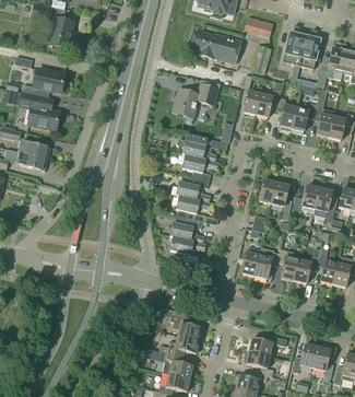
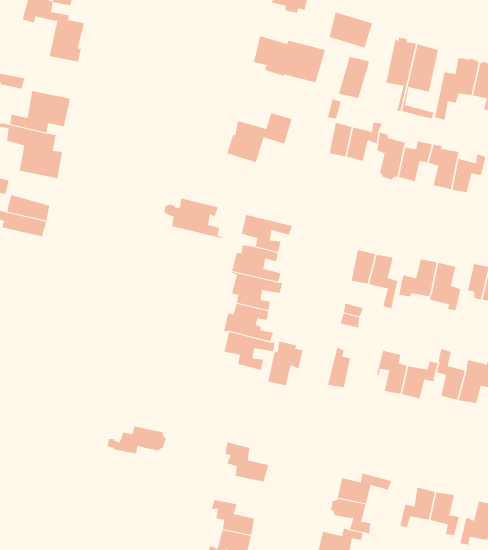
building: [176,133,217,162] -> [163,198,223,239]
building: [253,246,279,278] -> [267,341,304,386]
building: [158,336,200,355] -> [107,426,167,454]

